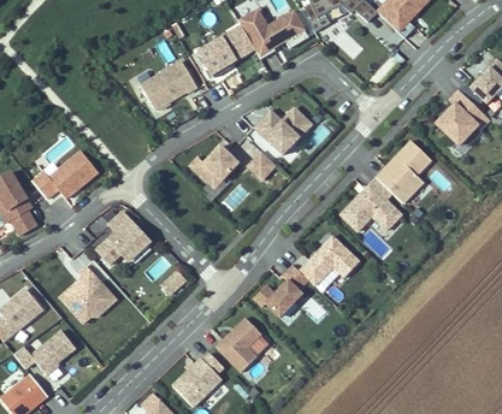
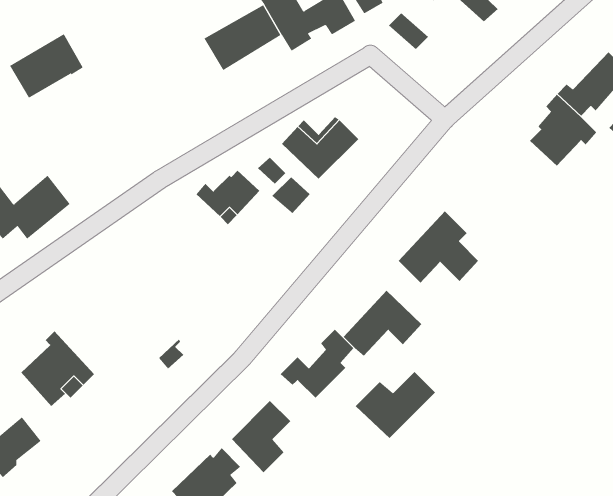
building: [141,61,196,110] -> [9,33,84,98]
building: [376,141,431,203] -> none
building: [96,211,147,264] -> none
building: none -> [355,371,436,439]

